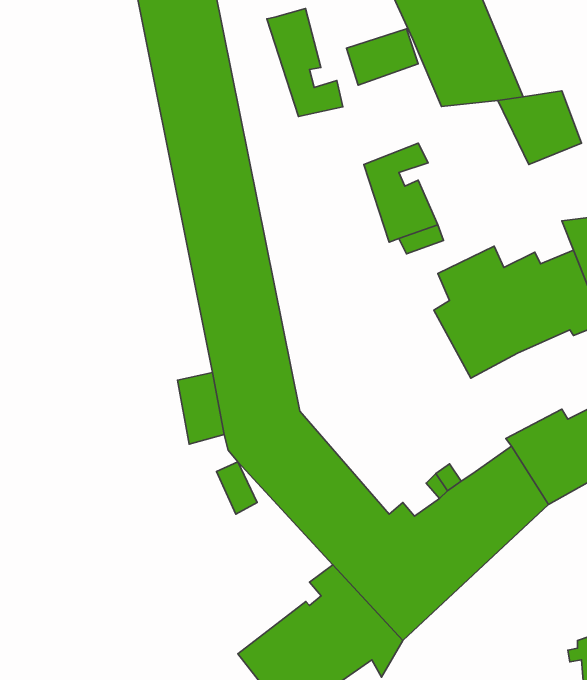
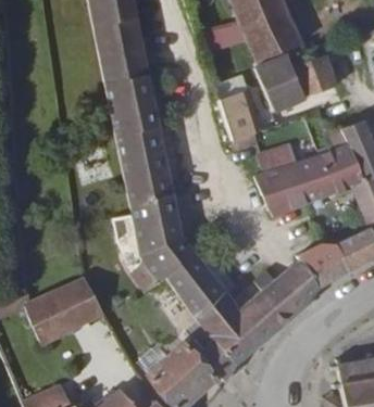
building: [267,9,343,116] -> none
building: none -> [258,66,308,113]
building: none -> [26,281,102,345]

